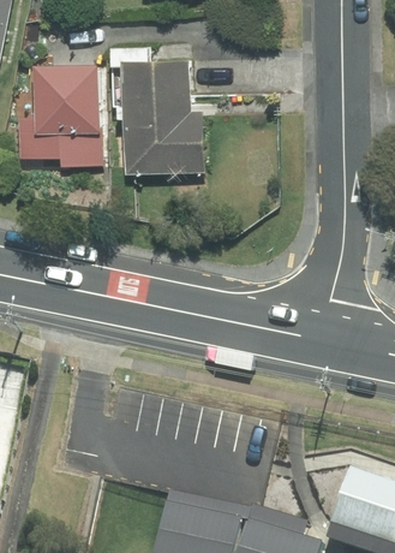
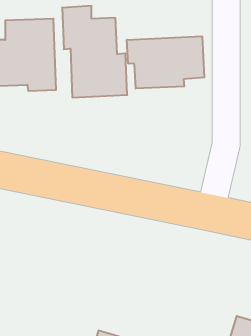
building: none -> [127,36,204,89]

